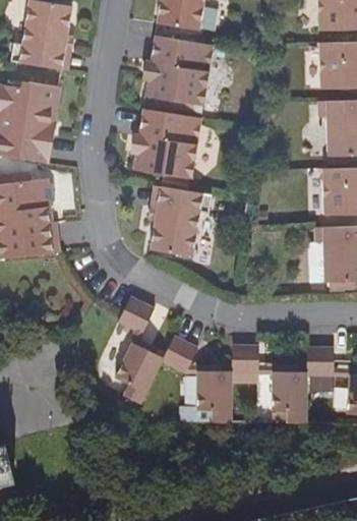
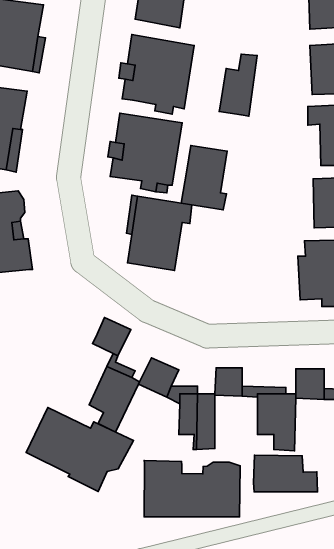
building: none -> [219,54,257,116]
building: none -> [181,146,227,210]
building: none -> [26,408,133,492]
building: none -> [254,455,317,492]
building: none -> [144,461,240,517]

